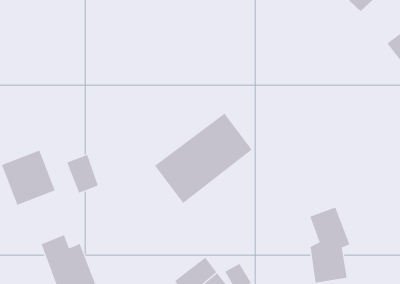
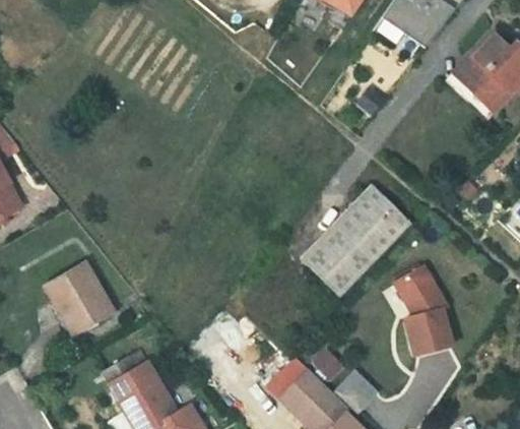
building: [154,113,253,204] -> [301,188,410,300]
building: [67,154,98,194] -> none

